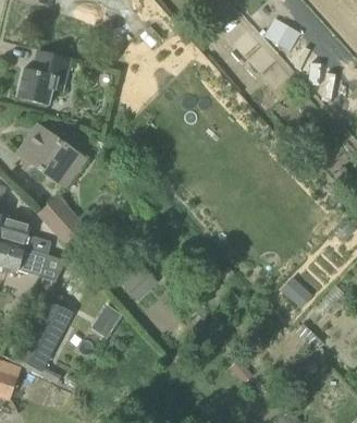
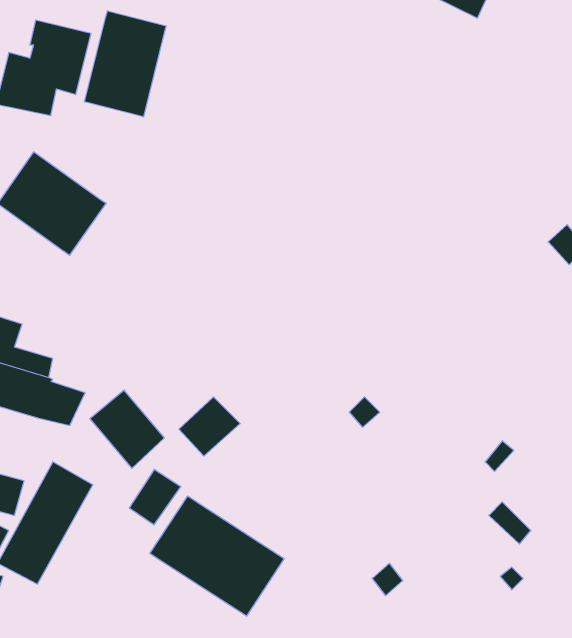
building: none -> [85,11,166,117]
building: [40,198,83,243] -> [90,390,164,468]
building: none -> [150,496,284,616]

